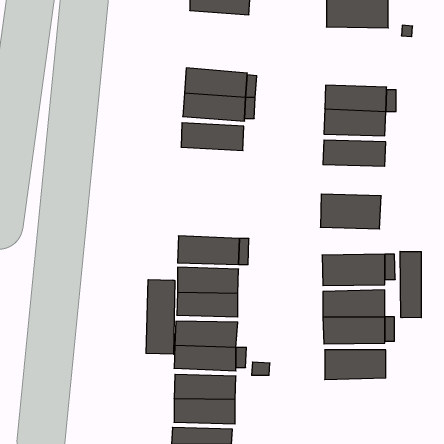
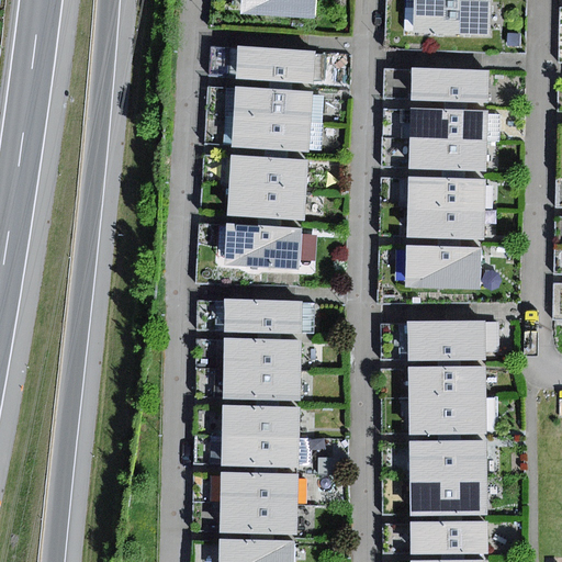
building: none -> [235,45,314,83]
building: none -> [409,67,487,102]
building: none -> [226,186,306,220]
building: none -> [405,207,485,239]
building: none -> [223,223,301,270]
building: [400,251,421,318] -> none
building: [146,280,175,354] -> none
building: none -> [409,476,487,515]
building: none -> [409,520,486,553]

